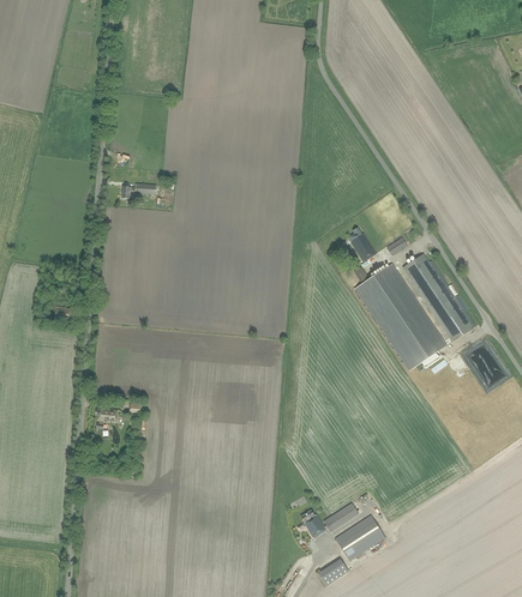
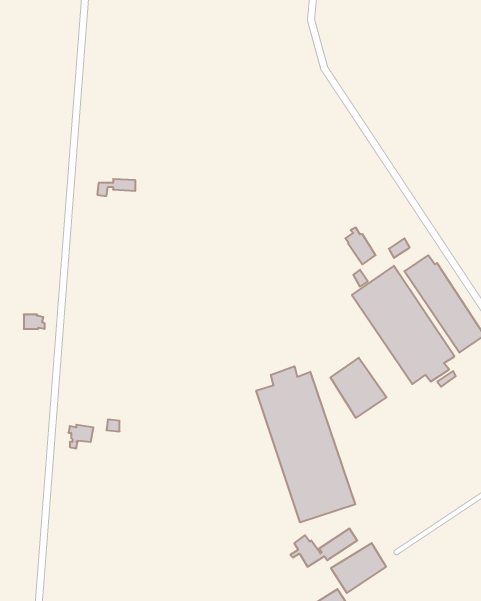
building: none -> [330,358,386,418]
building: none -> [256,366,355,522]

